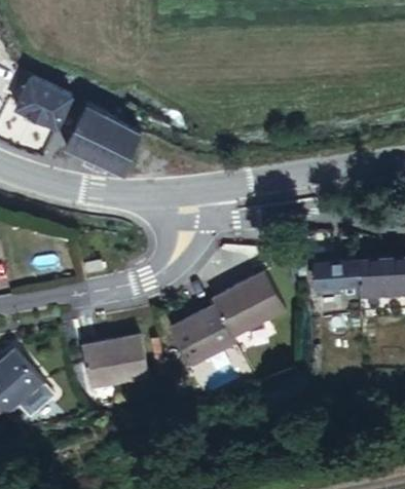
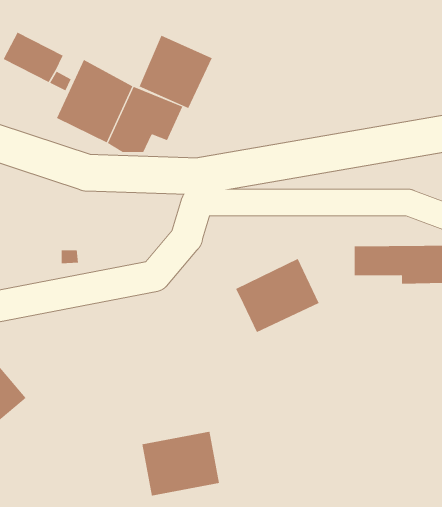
building: none -> [139,35,213,109]
building: [173,303,240,367] -> none
building: [82,332,150,388] -> [142,431,220,496]

